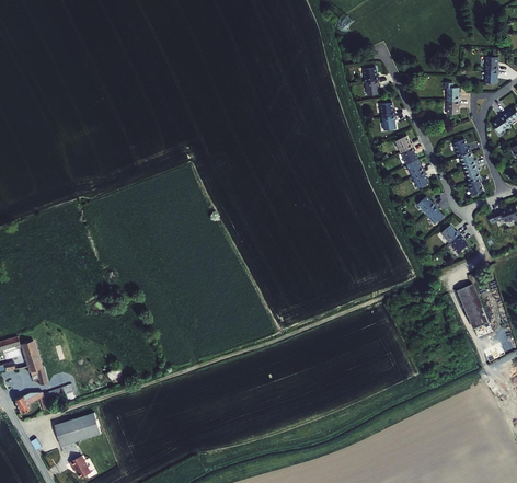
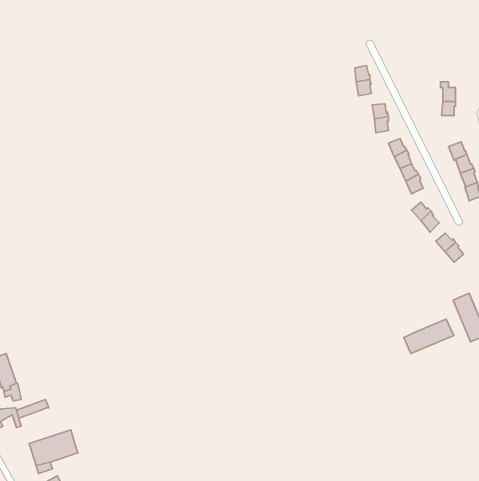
building: none -> [404,319,454,354]

